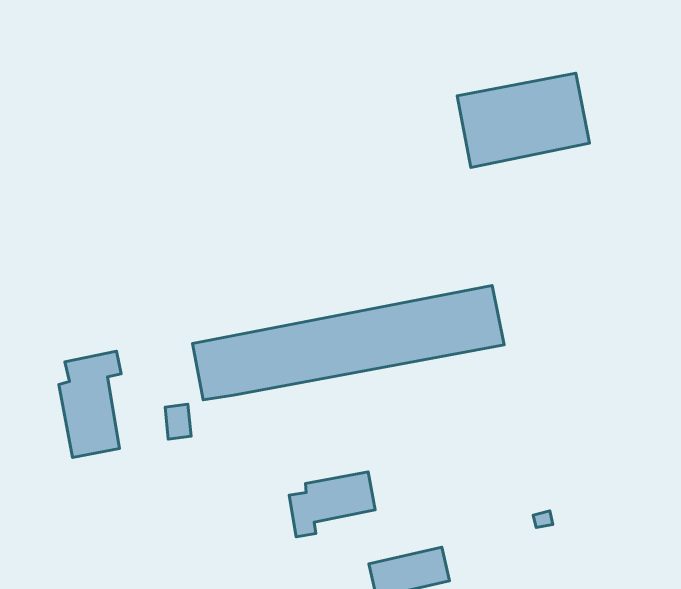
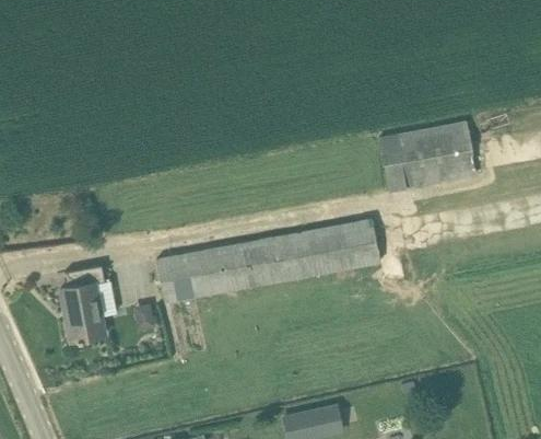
building: [457,73,589,167] -> [379,122,474,189]
building: [289,472,375,537] -> none

